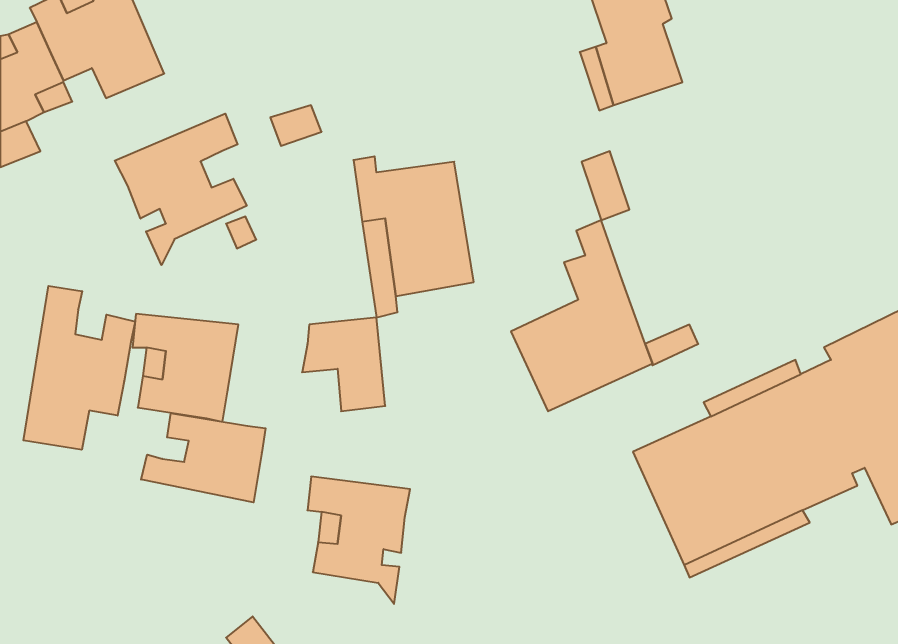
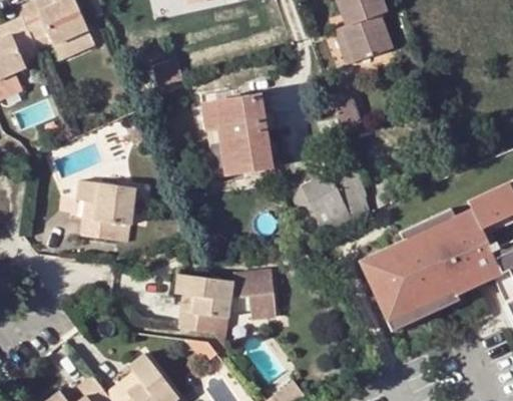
building: [115,114,247,265] -> none
building: [23,286,135,450] -> none
building: [302,317,385,411] -> [231,266,279,319]
building: [141,413,266,502] -> none

